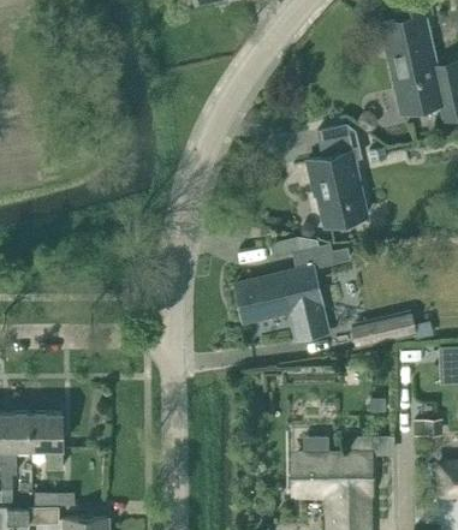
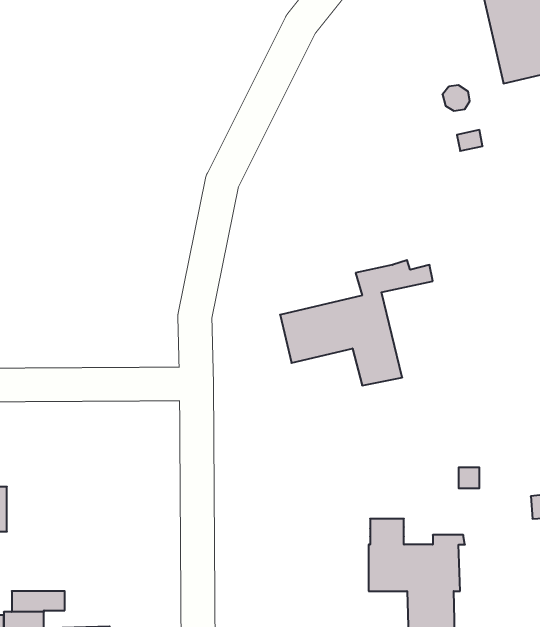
building: [308,125,367,226] -> none
building: [368,310,417,345] -> none
building: [31,413,63,469] -> none

